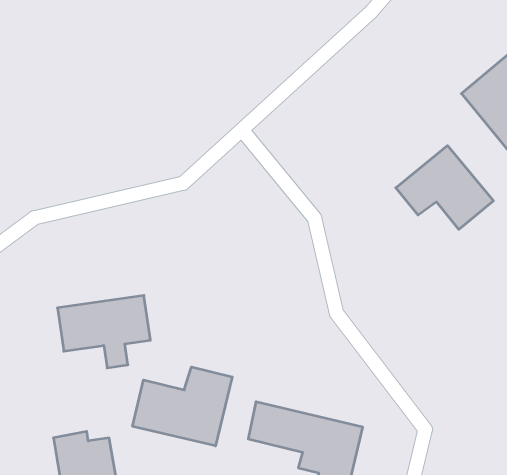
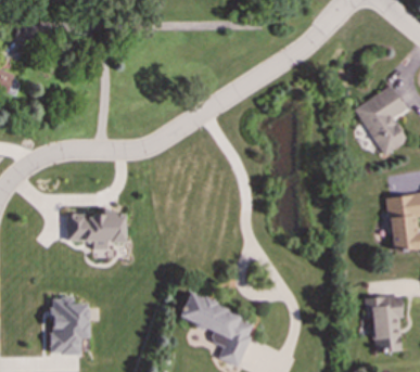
building: [396,146,493,229] -> none
building: [133,367,232,446] -> none

